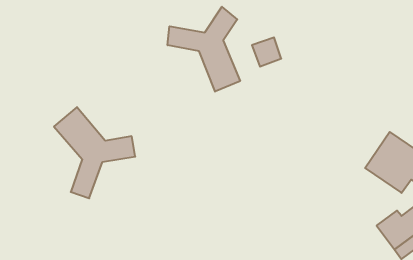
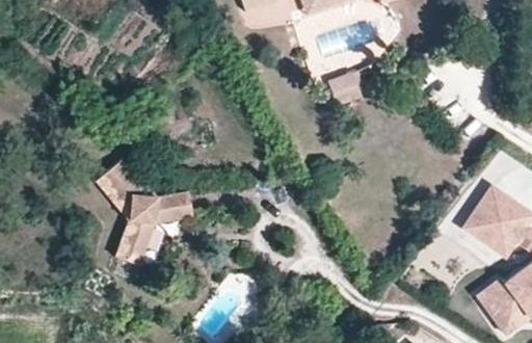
building: [168,7,240,92] -> none

